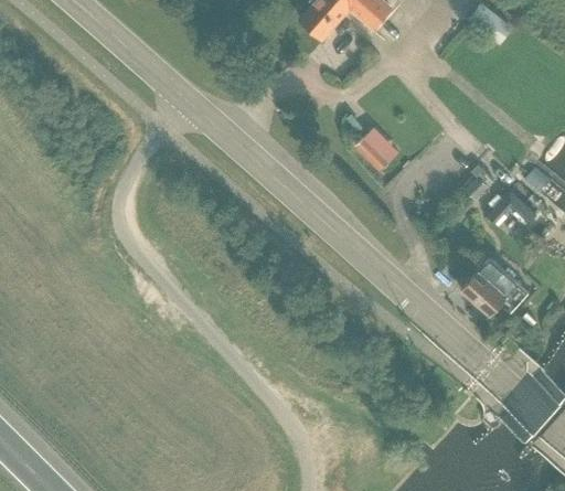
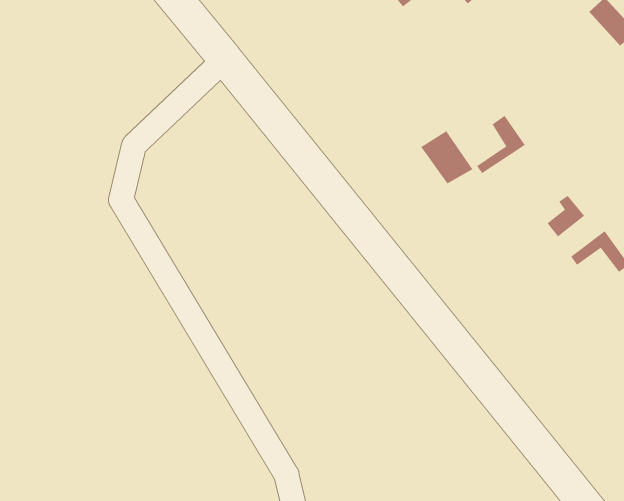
building: none -> [476,115,526,174]
building: [461,257,519,316] -> none

